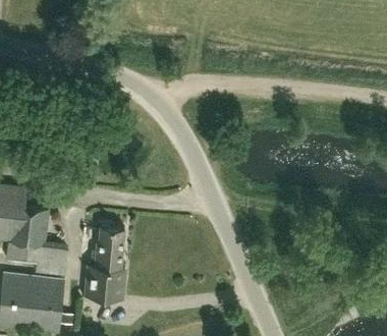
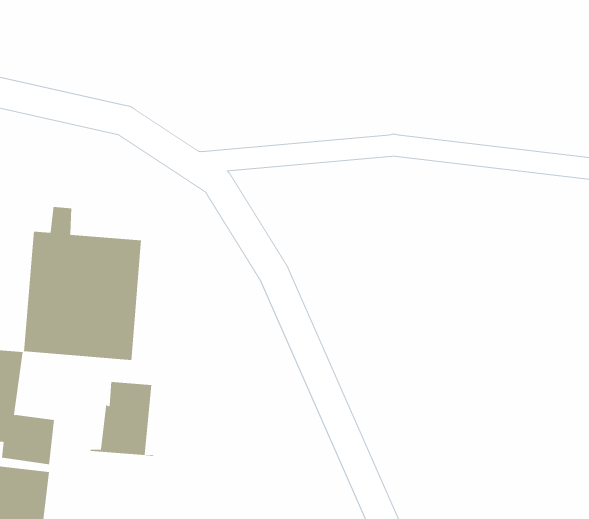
building: none -> [24,206,142,361]
building: [85,266,125,297] -> none

